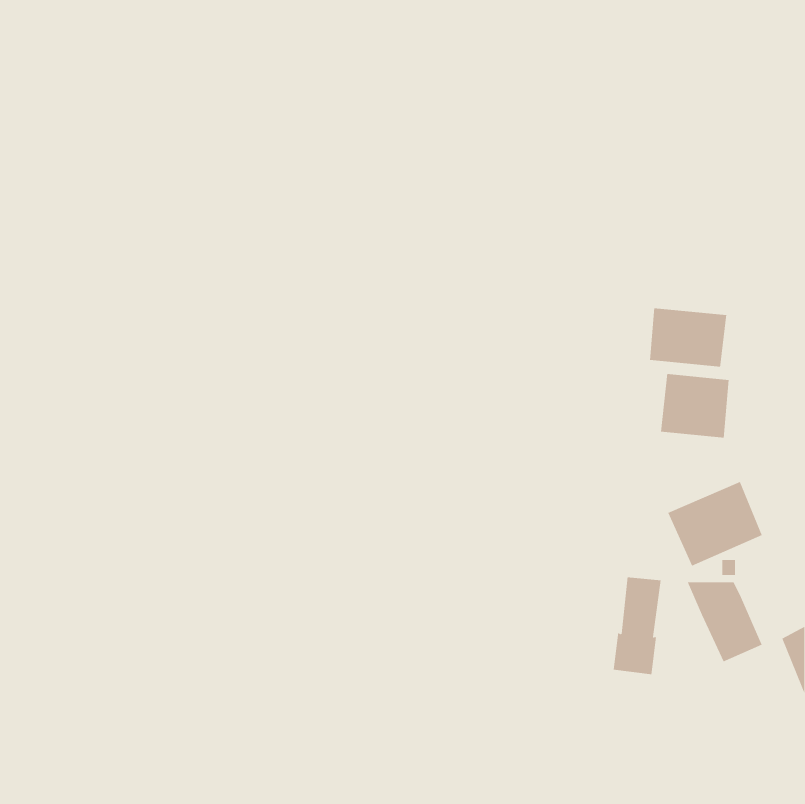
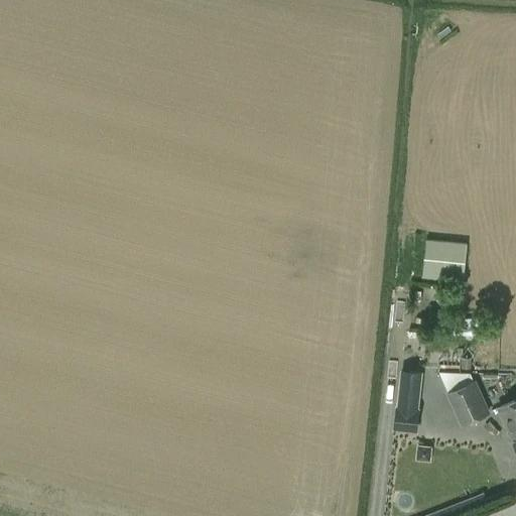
building: [649,307,727,367] -> none
building: [668,481,762,566] -> none

